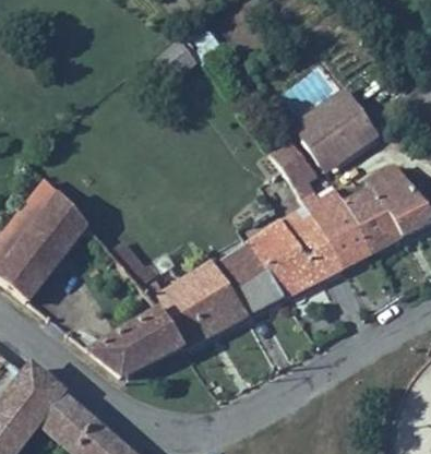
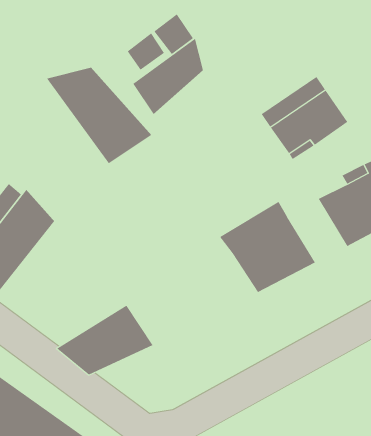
building: none -> [132,38,203,115]
building: none -> [46,67,152,164]
building: [272,139,374,265] -> none
building: [117,242,287,346] -> none

